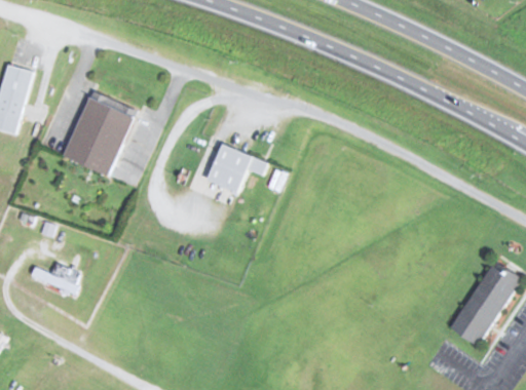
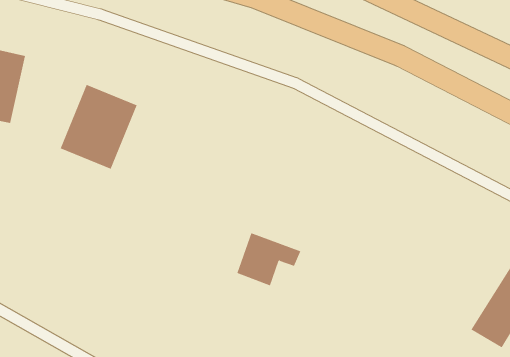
building: [208,144,268,194] -> [237,233,301,286]
building: [28,266,79,292] -> none

